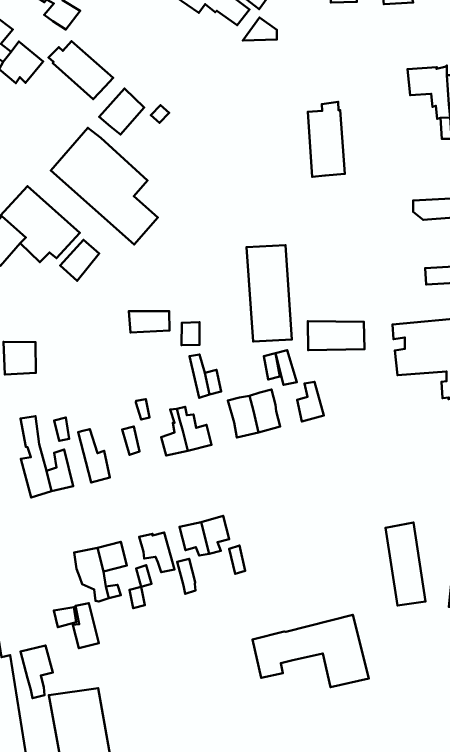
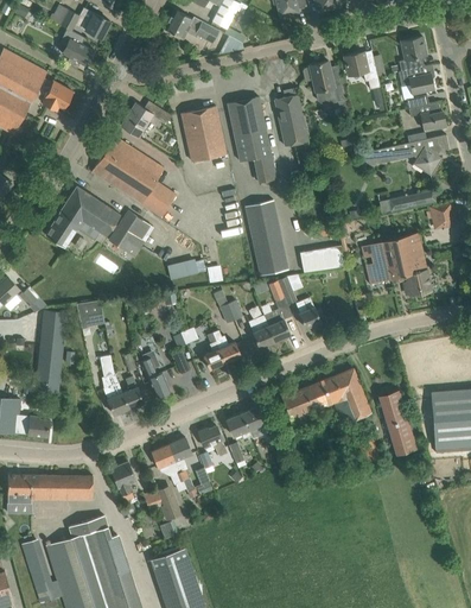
building: [48,41,113,99] -> none
building: none -> [304,62,350,124]
building: none -> [228,96,276,183]
building: none -> [180,107,225,162]
building: [252,615,369,687] -> [281,368,371,425]
building: [21,646,53,698] -> [110,462,136,502]

